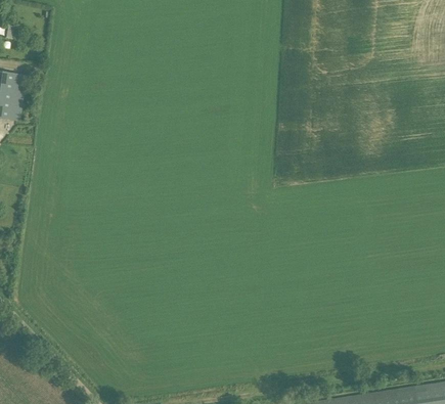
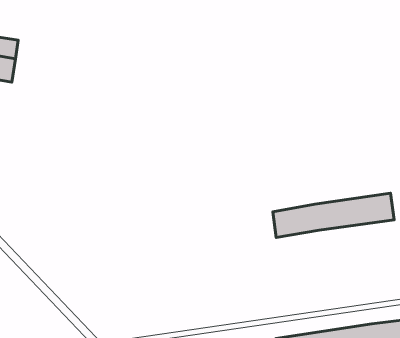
building: none -> [273,193,394,237]

